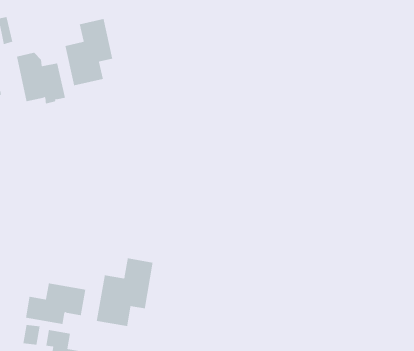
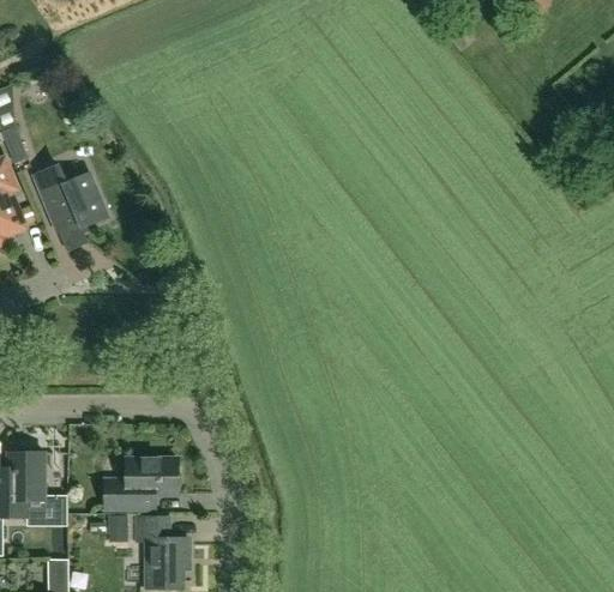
building: [65,18,113,86] -> none
building: [96,258,153,327] -> none

